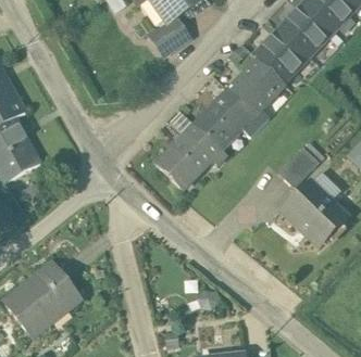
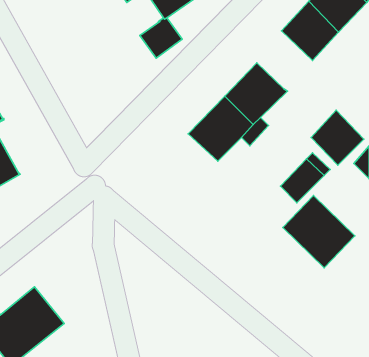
building: [253,29,308,82] -> none
building: none -> [311,110,364,165]
building: [155,124,226,189] -> none

